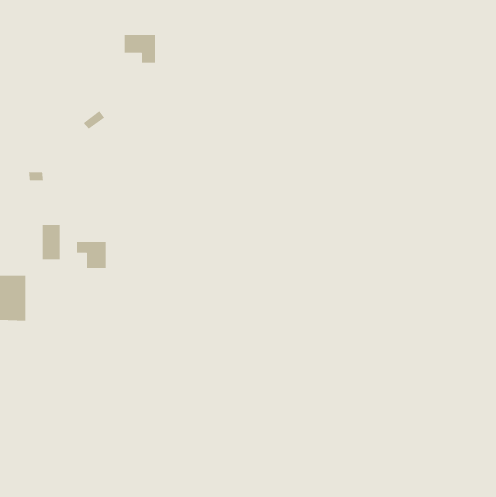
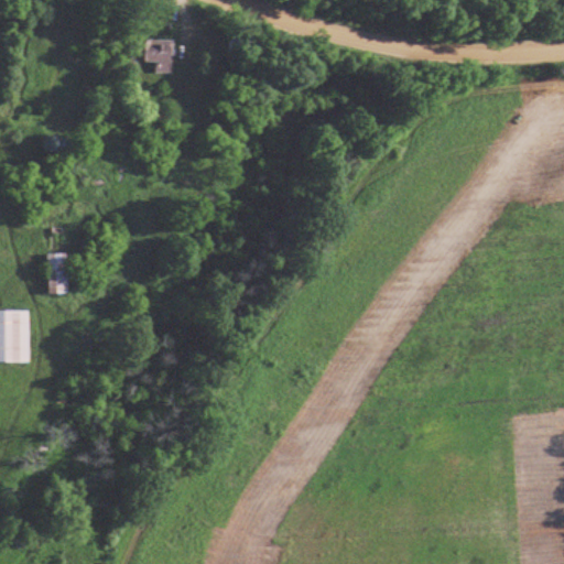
building: [76,241,107,269] -> none

